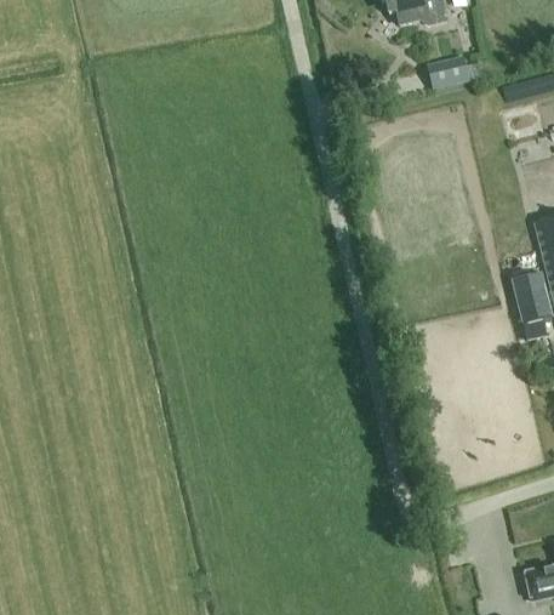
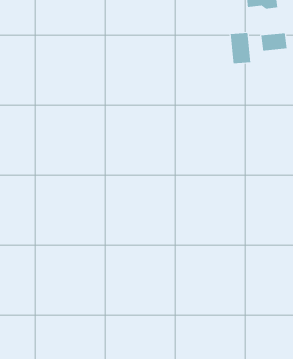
building: none -> [230,32,251,64]

